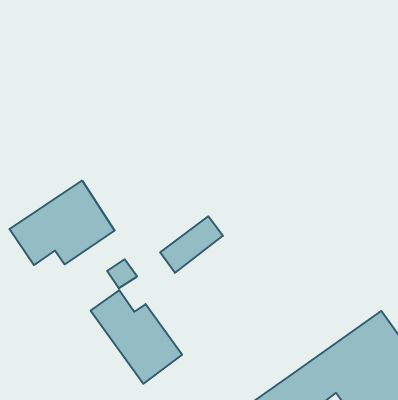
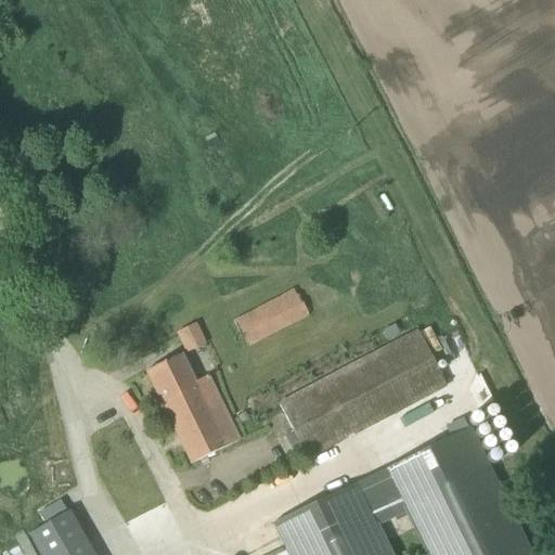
building: [9,181,115,265] -> none
building: none -> [280,332,448,456]

